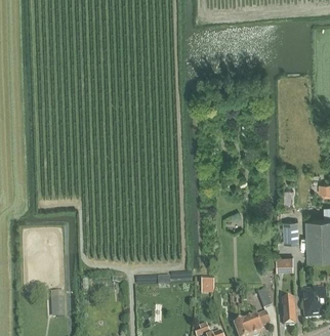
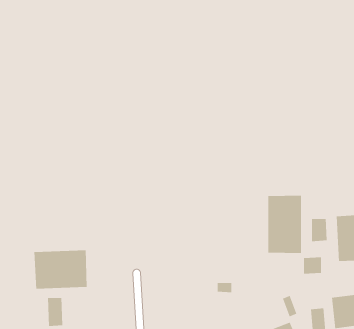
building: none -> [268,195,302,254]
building: none -> [34,249,87,289]

